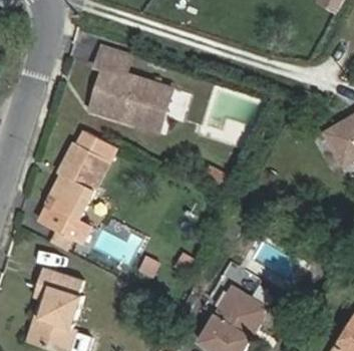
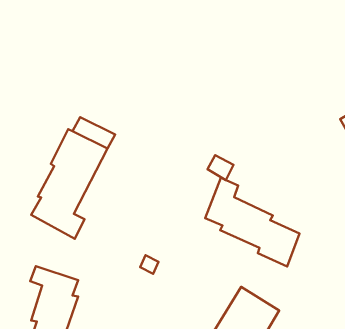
building: [89,50,171,126] -> none
building: none -> [205,178,299,267]

